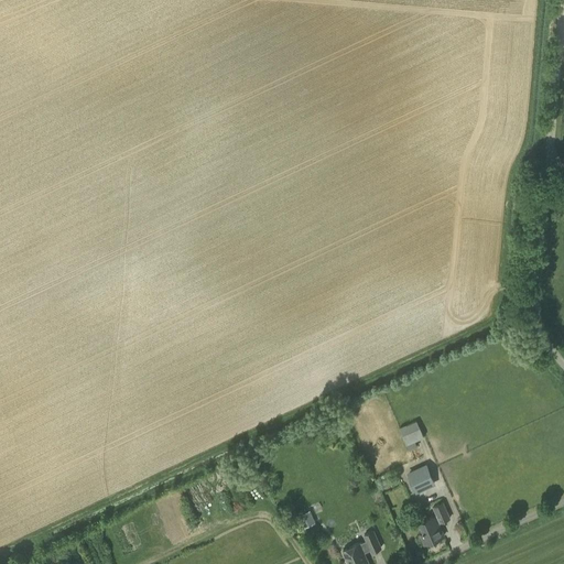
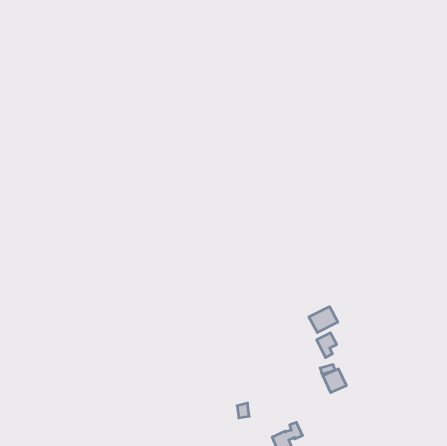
building: none -> [309,307,338,333]
building: [420,505,451,546] -> none

